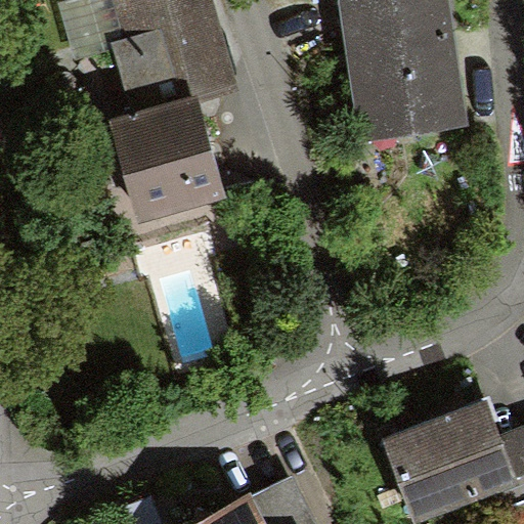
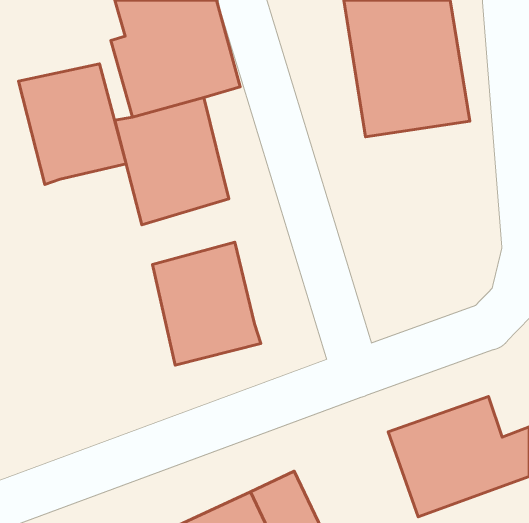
building: none -> [18,64,126,185]
building: none -> [152,242,261,365]

